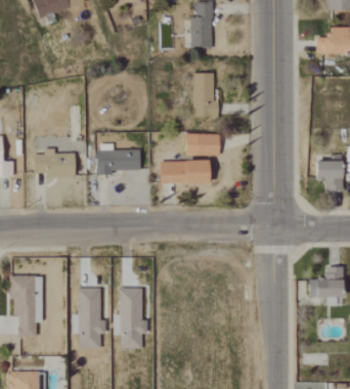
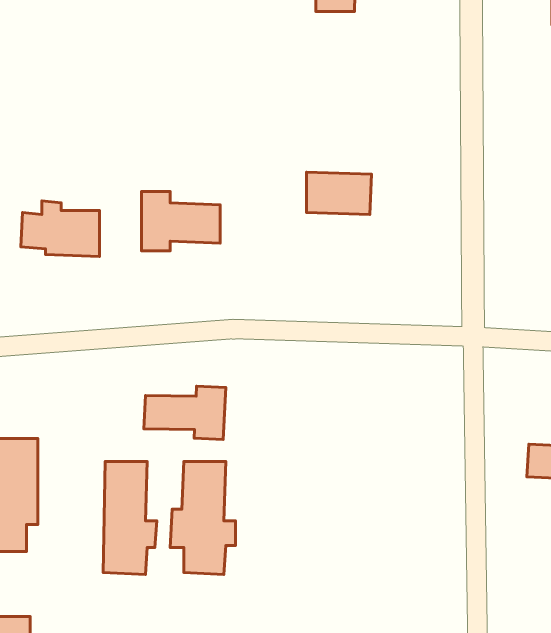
building: [193,73,219,117] -> none
building: [160,161,212,184] -> none
building: none -> [144,386,226,439]

